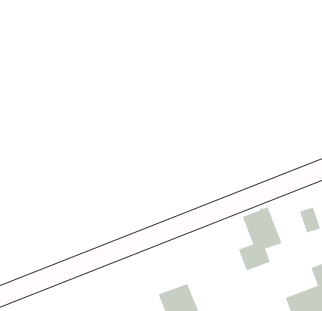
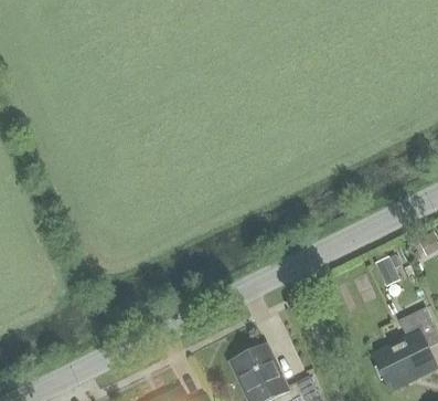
building: [238,207,282,271] -> none

